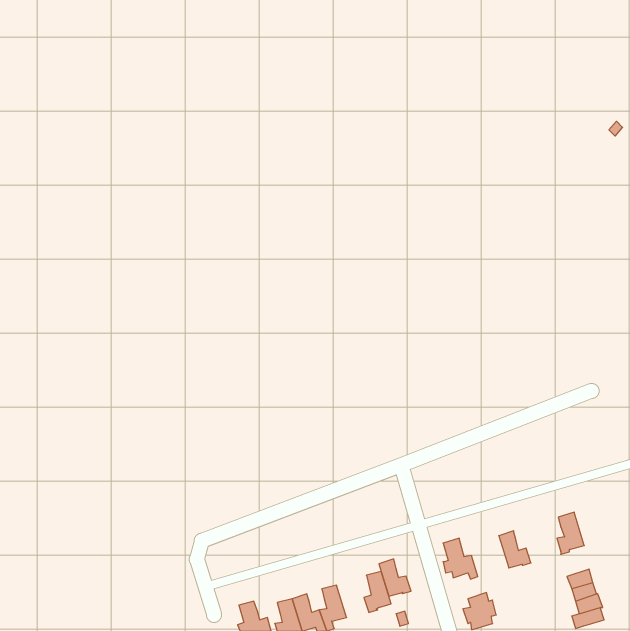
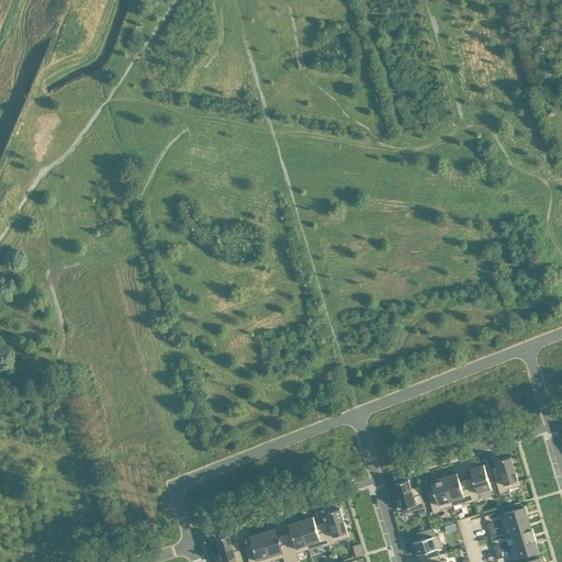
building: none -> [467,463,490,499]
building: none -> [427,475,451,512]
building: [379,559,411,596] -> [299,515,327,548]

